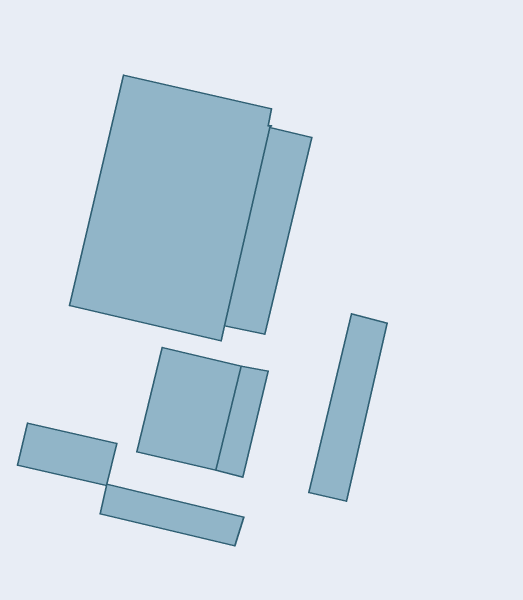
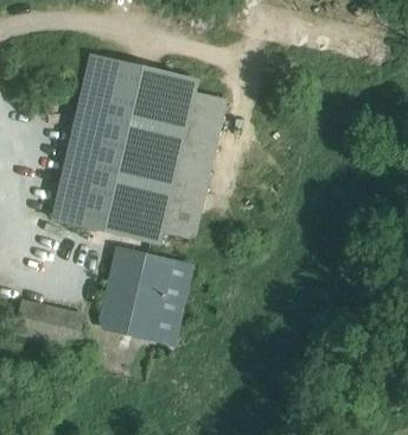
building: [309,314,387,501] -> none
building: [100,484,244,546] -> none

